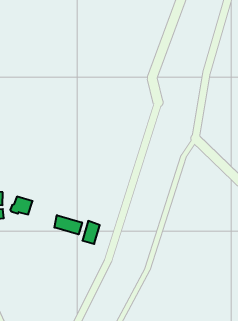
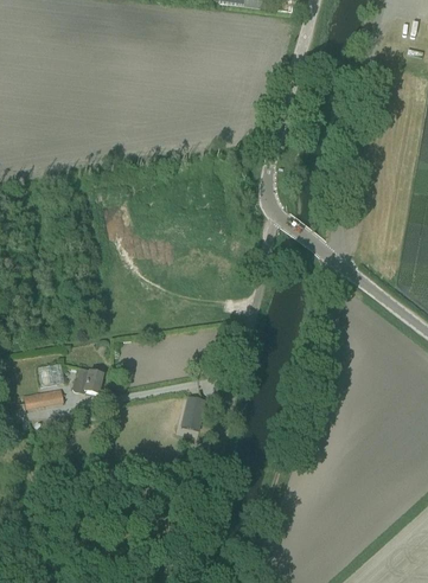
building: [54,215,82,234] -> none

